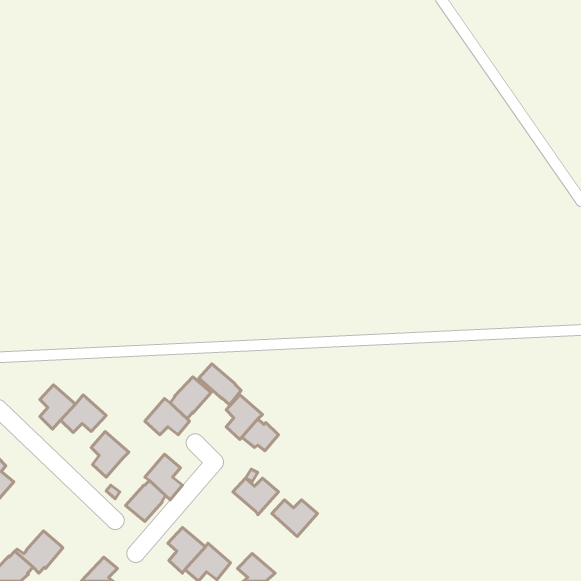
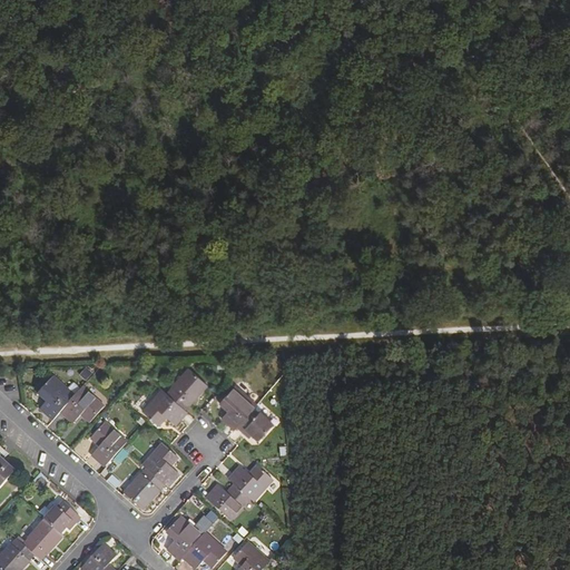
building: [199,364,241,405] -> none
building: [272,500,318,536] -> [205,485,249,521]
building: none -> [42,501,78,532]

